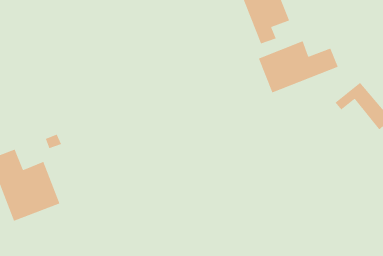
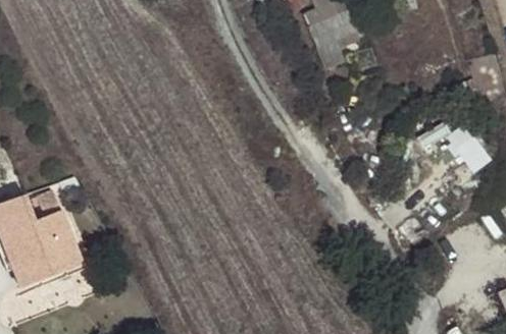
building: [258,40,339,93] -> none

